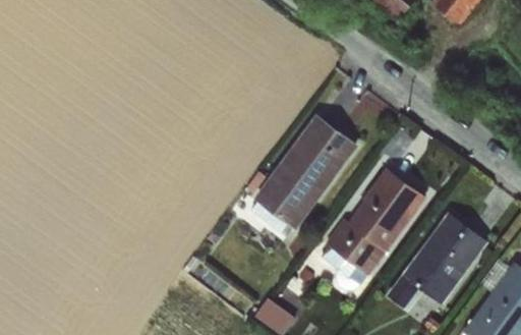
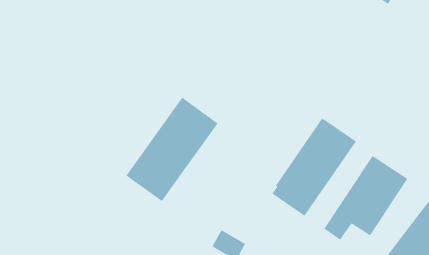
building: [248,113,359,238] -> [125,97,219,202]

